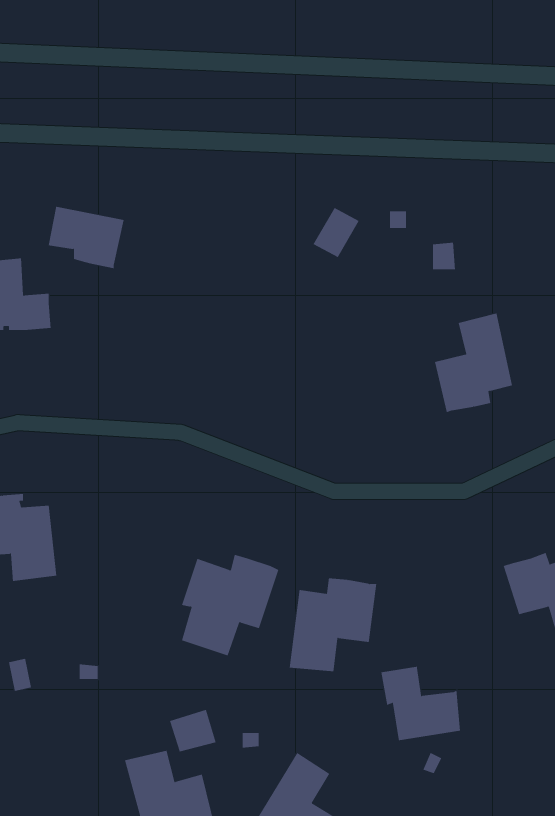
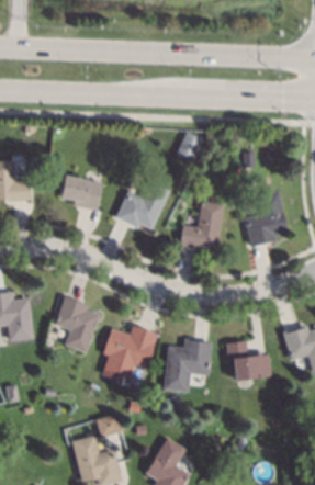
building: [48,206,124,269] -> [60,176,103,211]
building: none -> [116,181,171,228]
building: none -> [181,201,224,249]
building: none -> [55,296,101,353]
building: [380,666,461,741] -> [226,340,271,382]

